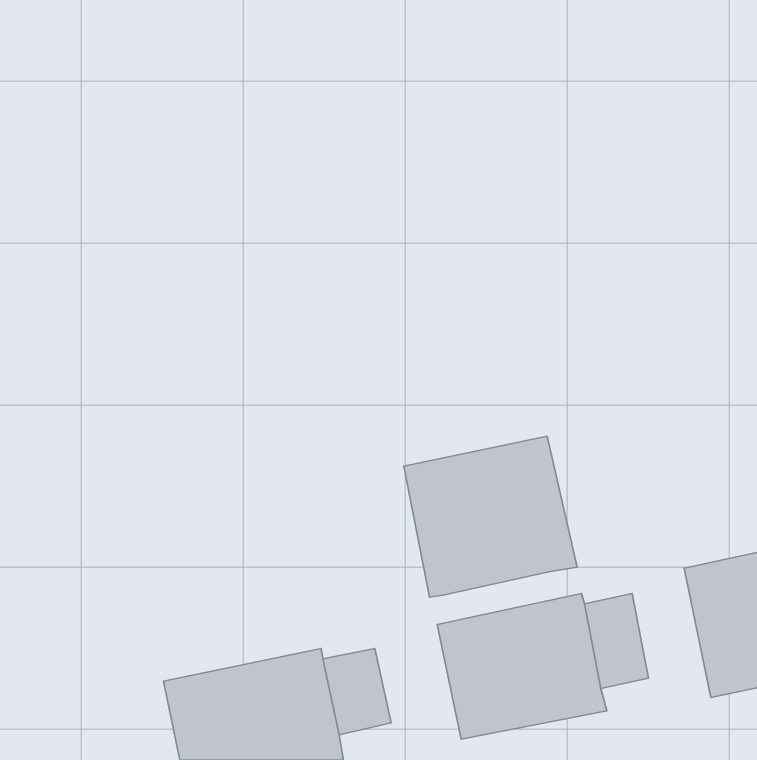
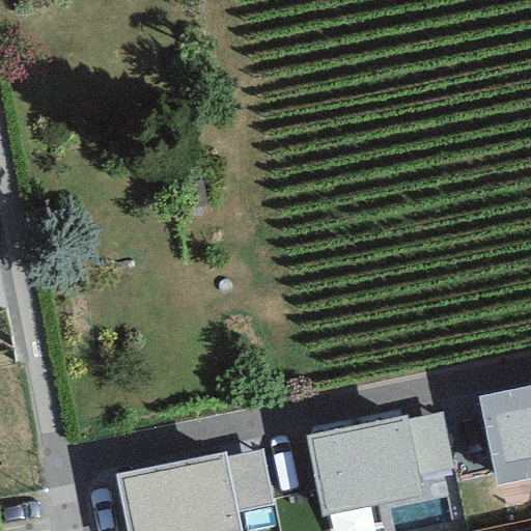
building: [404,436,577,597] -> none

